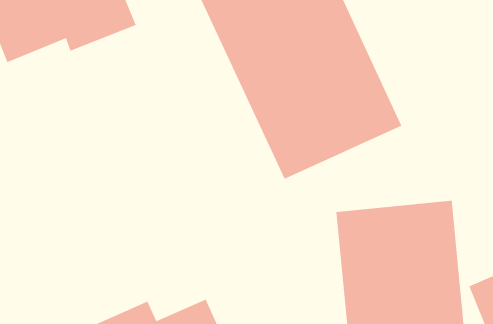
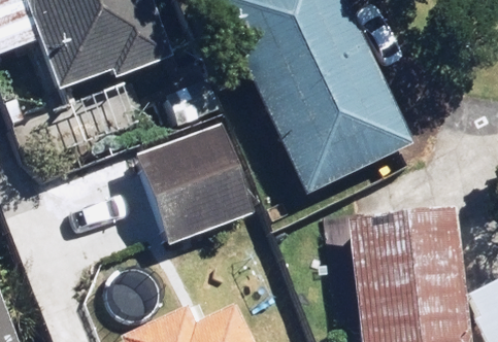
building: none -> [133,121,250,243]

